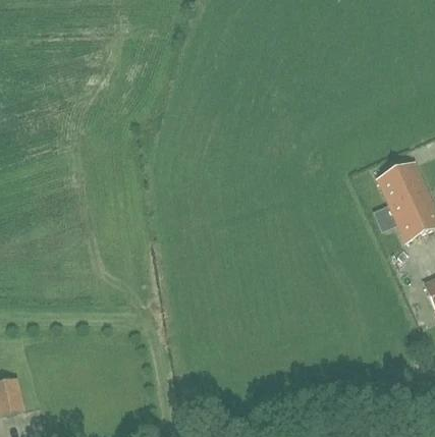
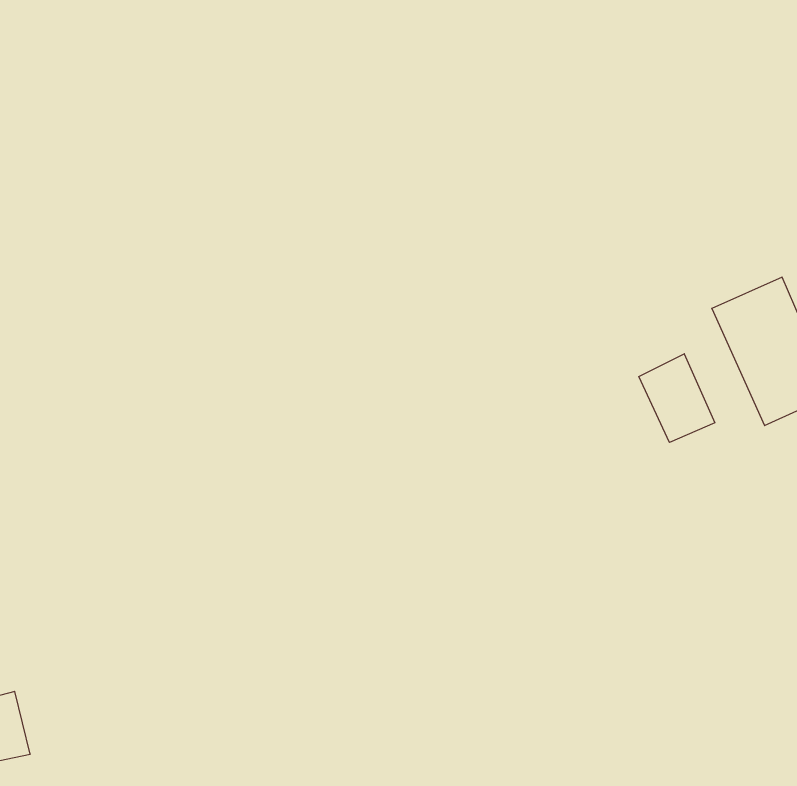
building: none -> [639,354,715,442]

